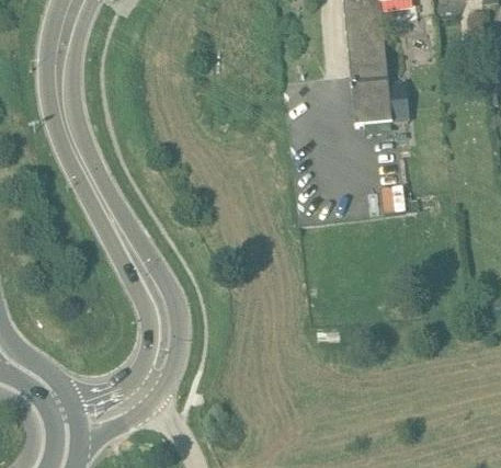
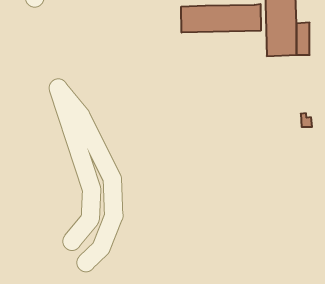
building: none -> [181,4,261,33]

